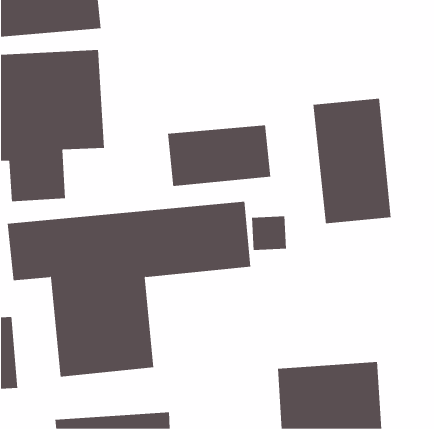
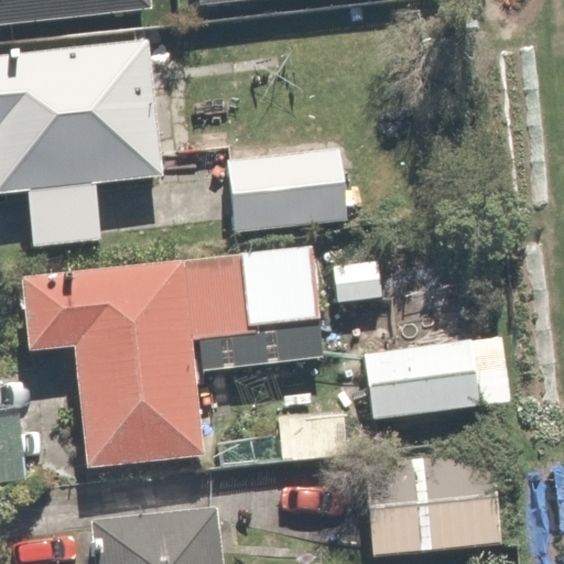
building: [313,98,391,224] -> none
building: none -> [361,340,505,431]

